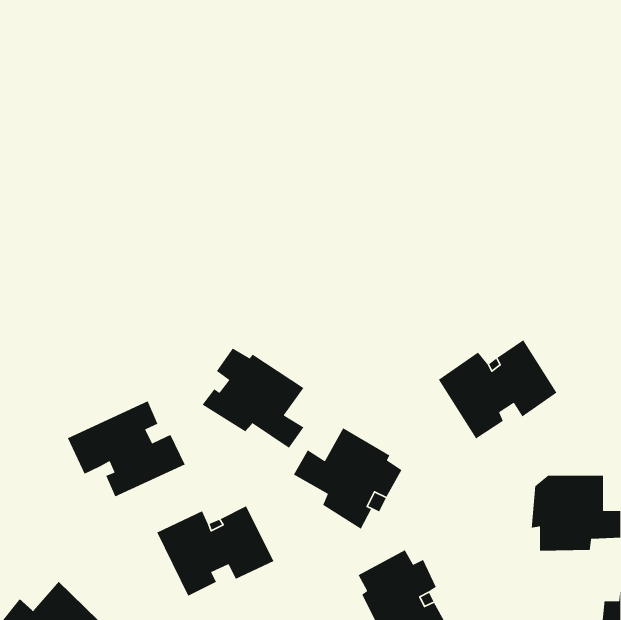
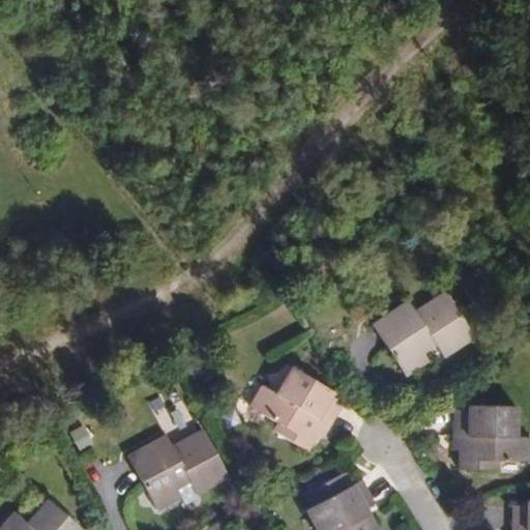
building: [201,348,305,449] -> none
building: [67,400,186,498] -> none

